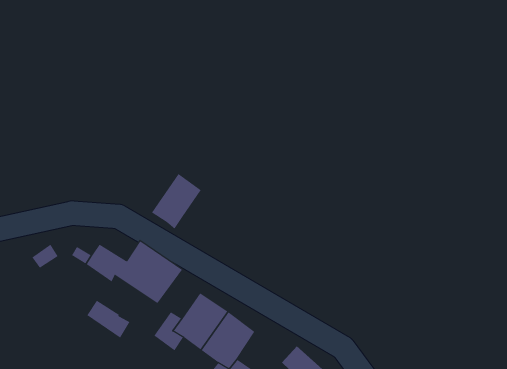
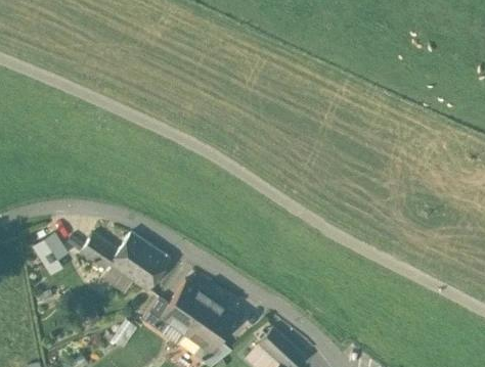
building: [151,173,202,229] -> none
building: [86,300,130,339] -> none

